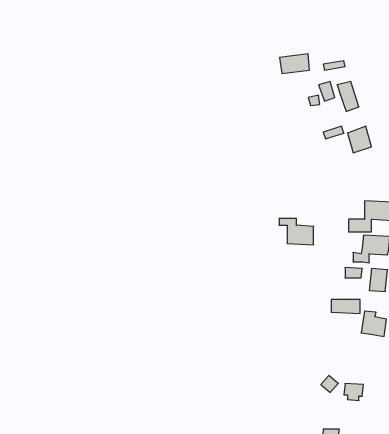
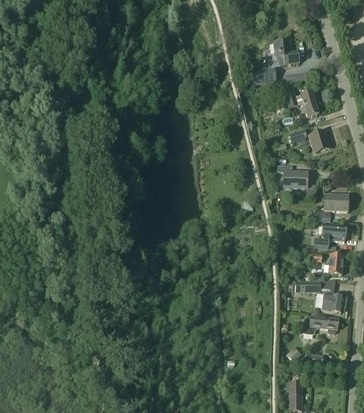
building: none -> [274,39,299,64]
building: [279,218,314,245] -> [277,165,307,188]
building: none -> [302,315,338,333]

